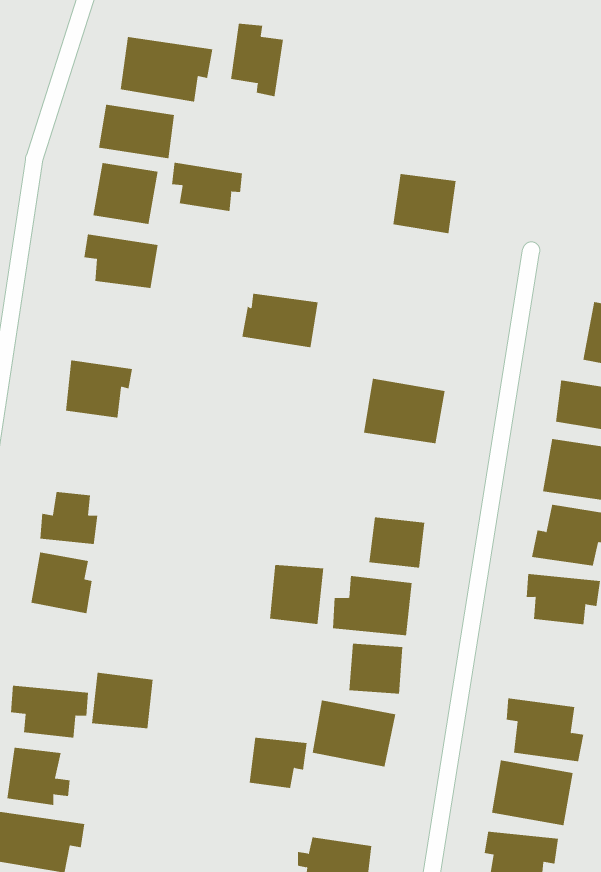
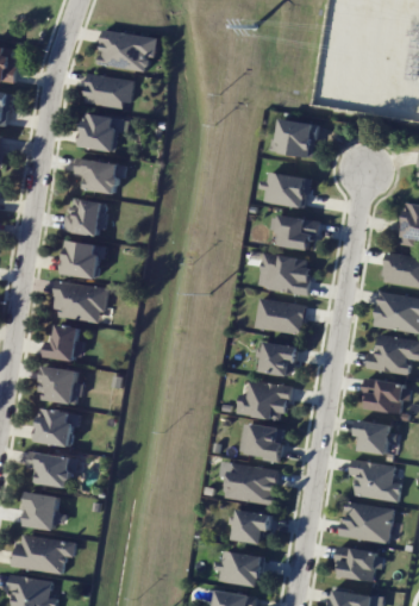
building: [230,23,283,97] -> none
building: [171,162,243,212] -> none
building: [242,293,318,348] -> [259,173,309,208]
building: none -> [63,198,106,237]
building: none -> [273,214,318,250]
building: none -> [52,281,106,324]
building: none -> [254,298,305,336]
building: [269,564,324,625] -> none
building: none -> [355,420,390,455]
building: [91,672,153,729] -> [36,410,76,446]
building: [249,737,307,788] -> [232,511,270,544]

